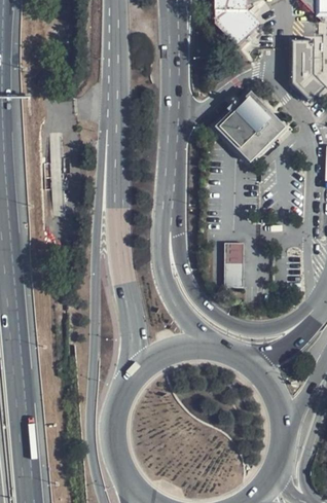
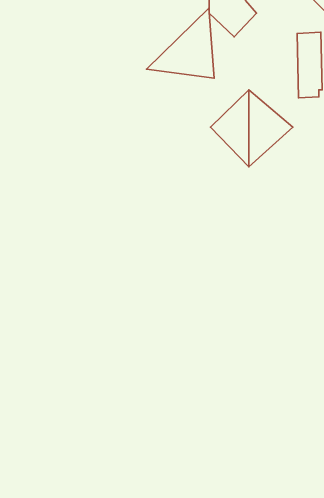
building: none -> [146,8,214,78]
building: [224,241,245,288] -> none

